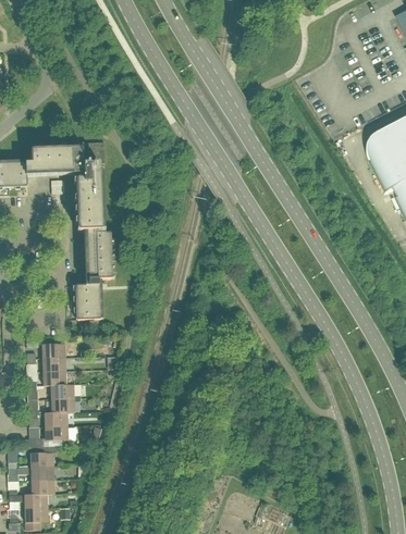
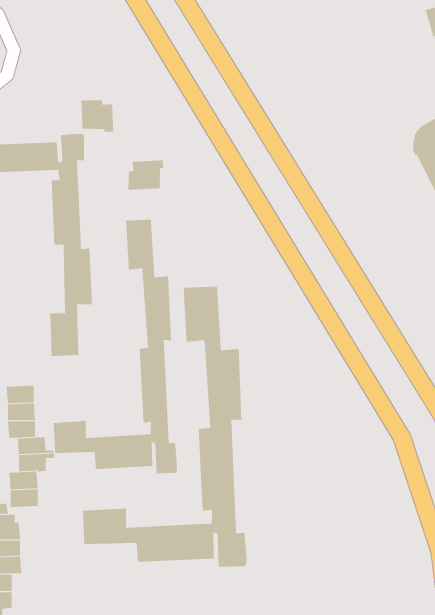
building: none -> [81,99,114,133]
building: none -> [128,160,164,191]
building: none -> [53,219,178,474]
building: none -> [83,286,247,567]

